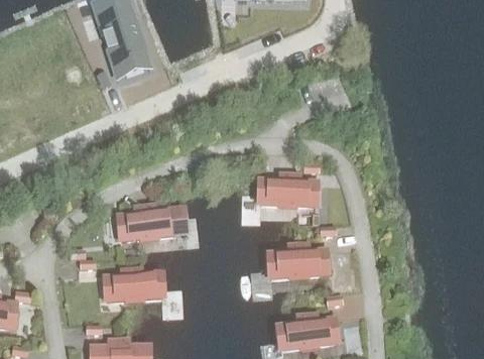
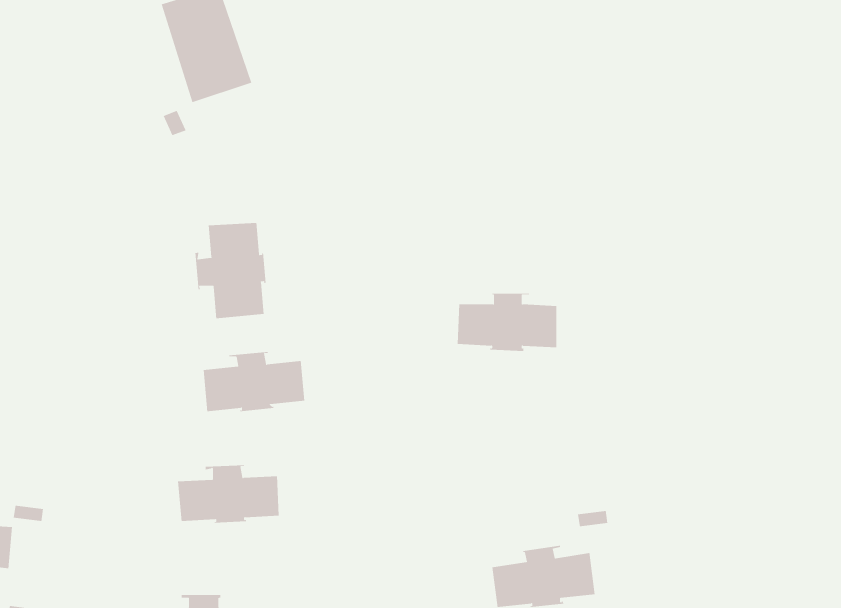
building: none -> [195,222,266,319]
building: [270,245,327,277] -> none

